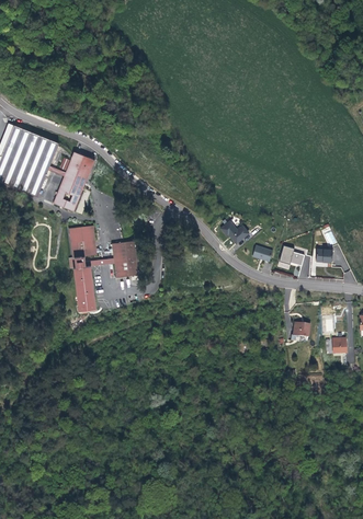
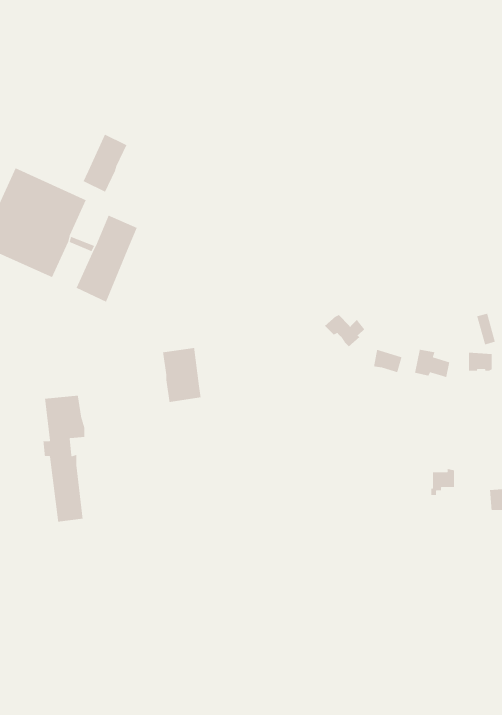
building: none -> [82,133,127,193]
building: [68,222,97,308] -> [43,395,85,522]

